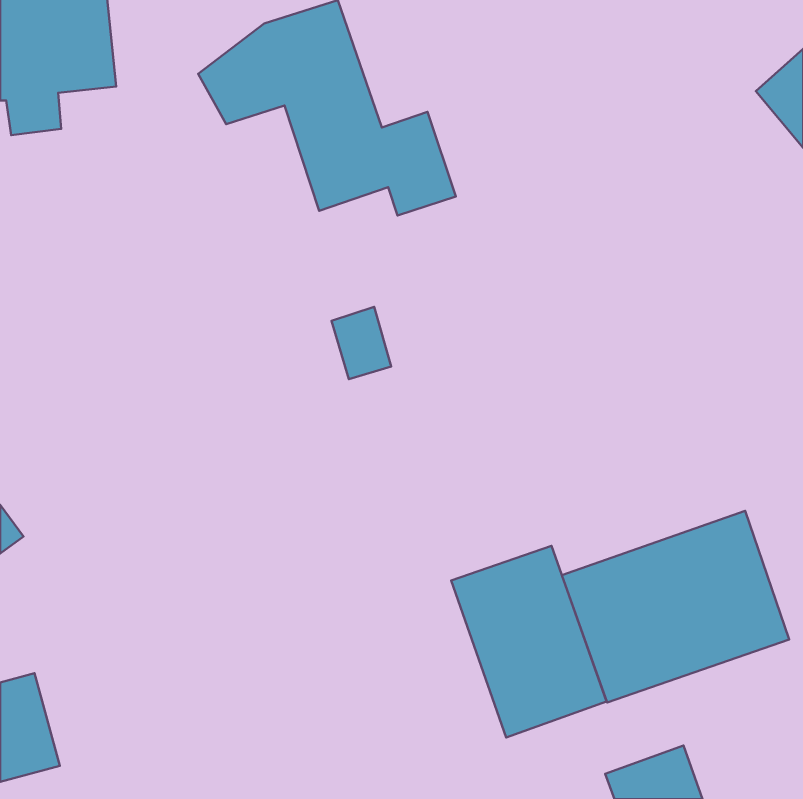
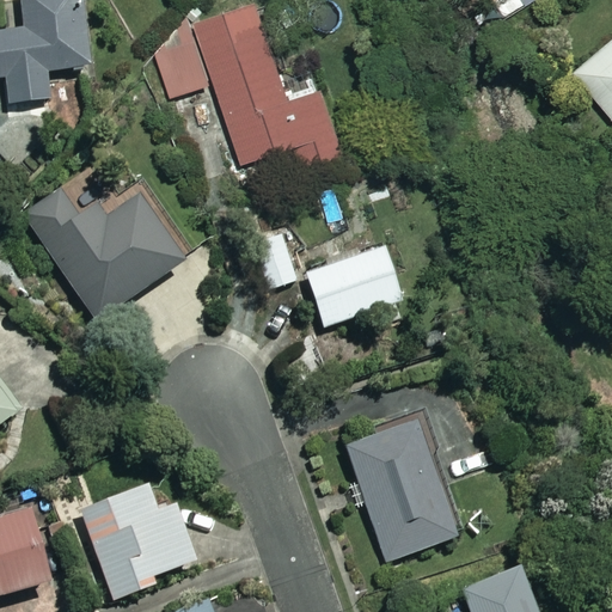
building: none -> [24,189,182,319]
building: none -> [305,249,398,326]
building: [562,511,789,703] -> none
building: none -> [80,484,192,599]

